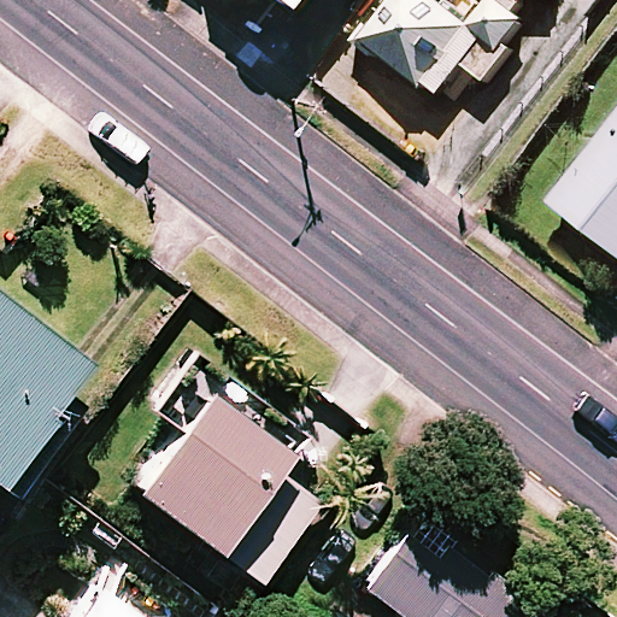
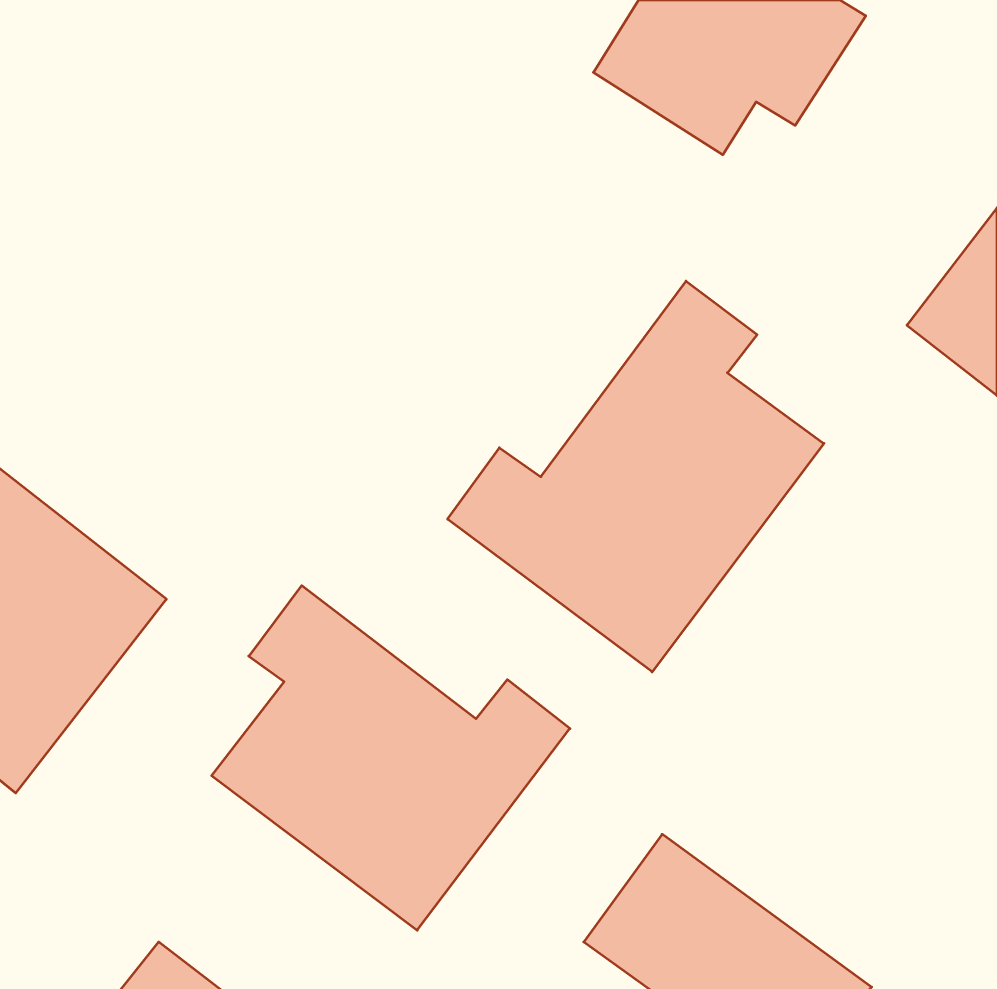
building: none -> [448,281,824,672]

